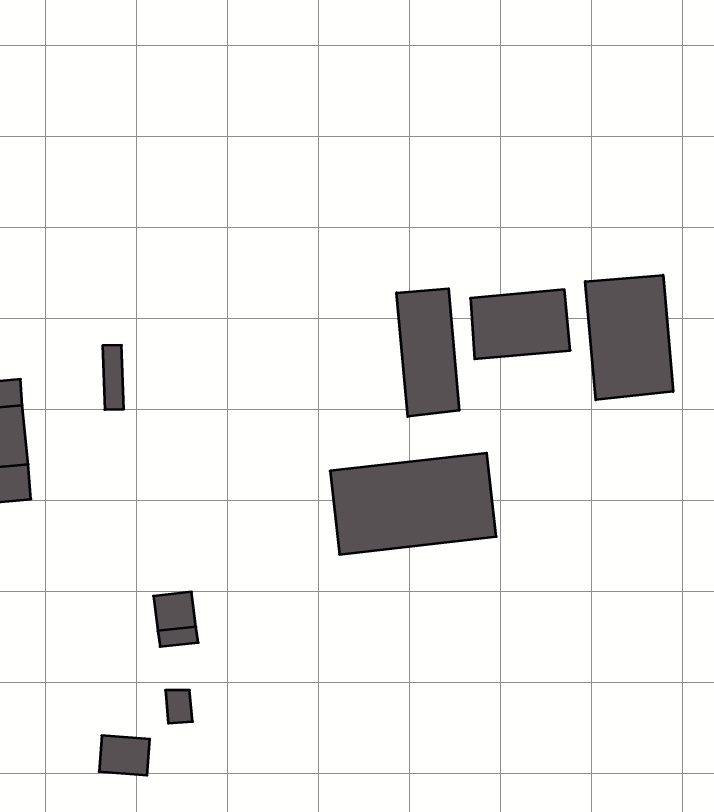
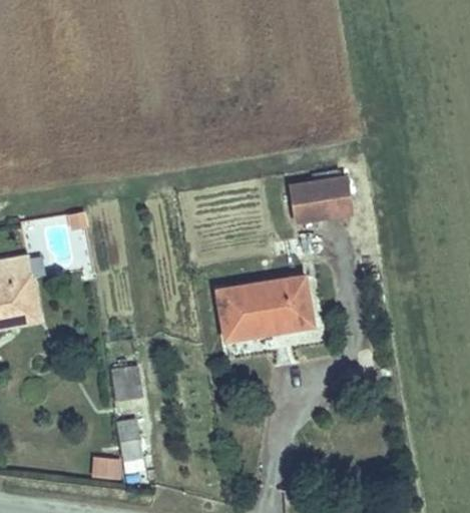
building: [585,275,673,400] -> none
building: [397,289,459,417] -> none

